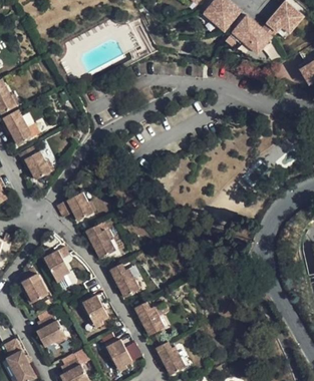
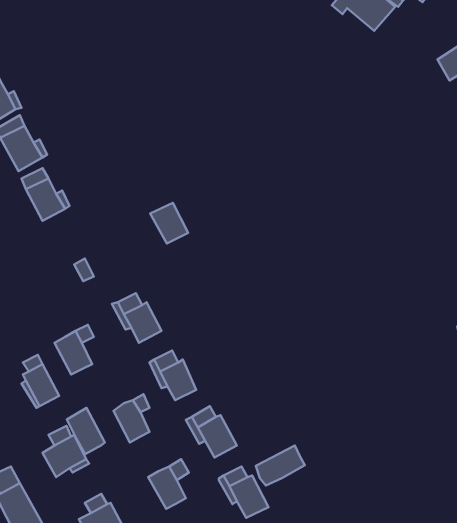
building: [67,194,92,221] -> [150,203,188,244]
building: none -> [67,408,105,454]
building: none -> [256,445,305,485]

